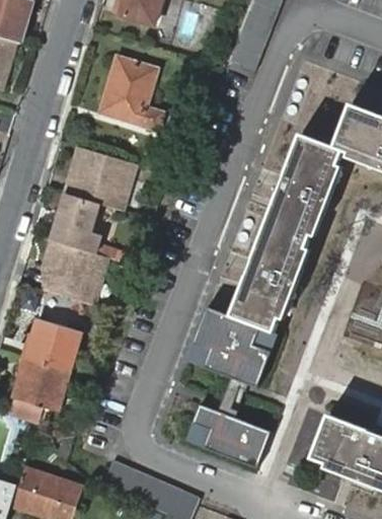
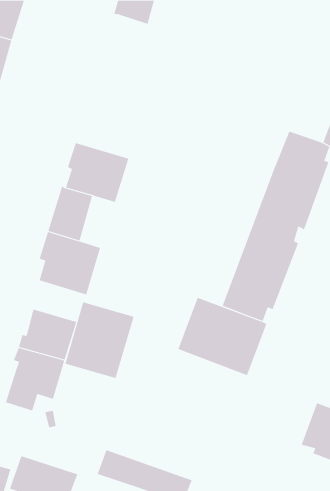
building: [99,57,160,129] -> none
building: none -> [65,302,134,379]
building: [183,404,270,468] -> none

